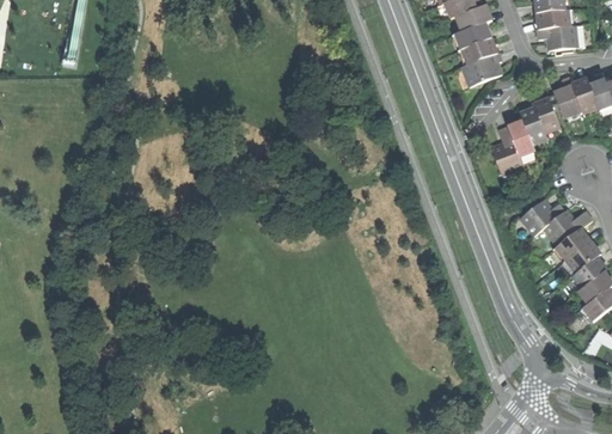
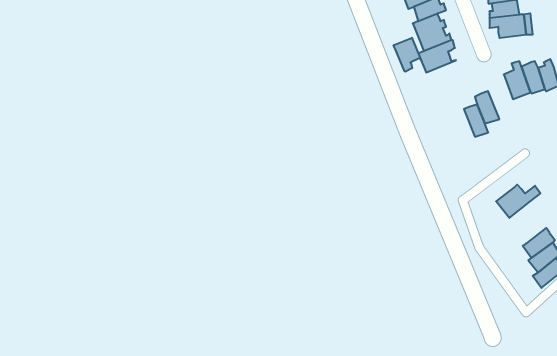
building: none -> [394,38,422,72]
building: [534,98,562,134] -> none
building: [492,127,525,176] -> none
building: [521,197,564,233] -> none
building: [556,226,601,271] -> none

